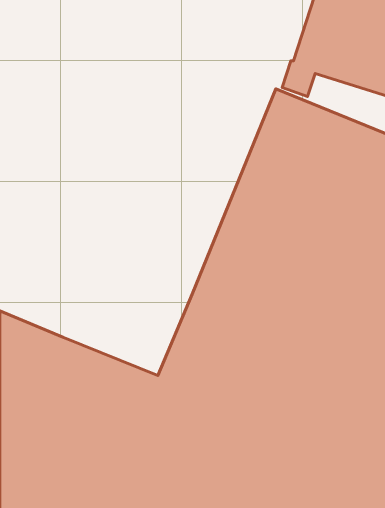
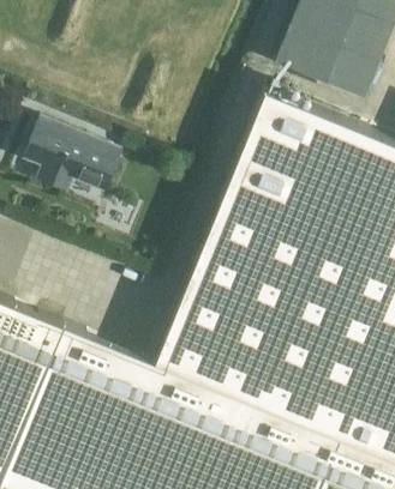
building: none -> [23,122,119,191]

